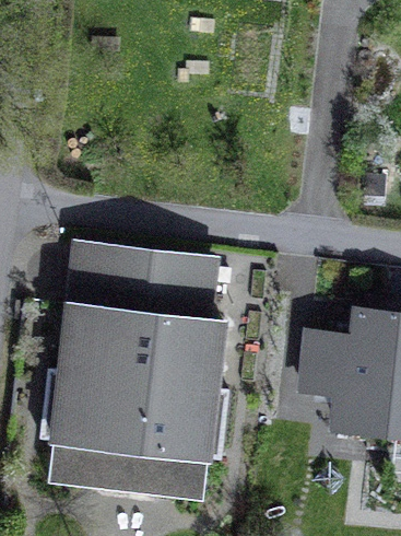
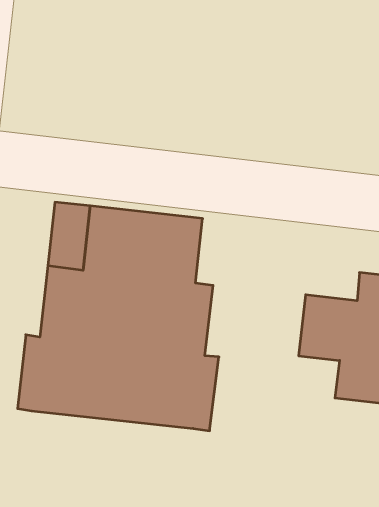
building: [49,439,205,499] -> none

